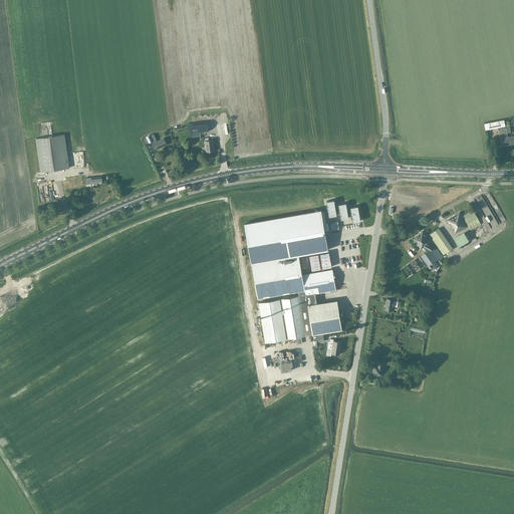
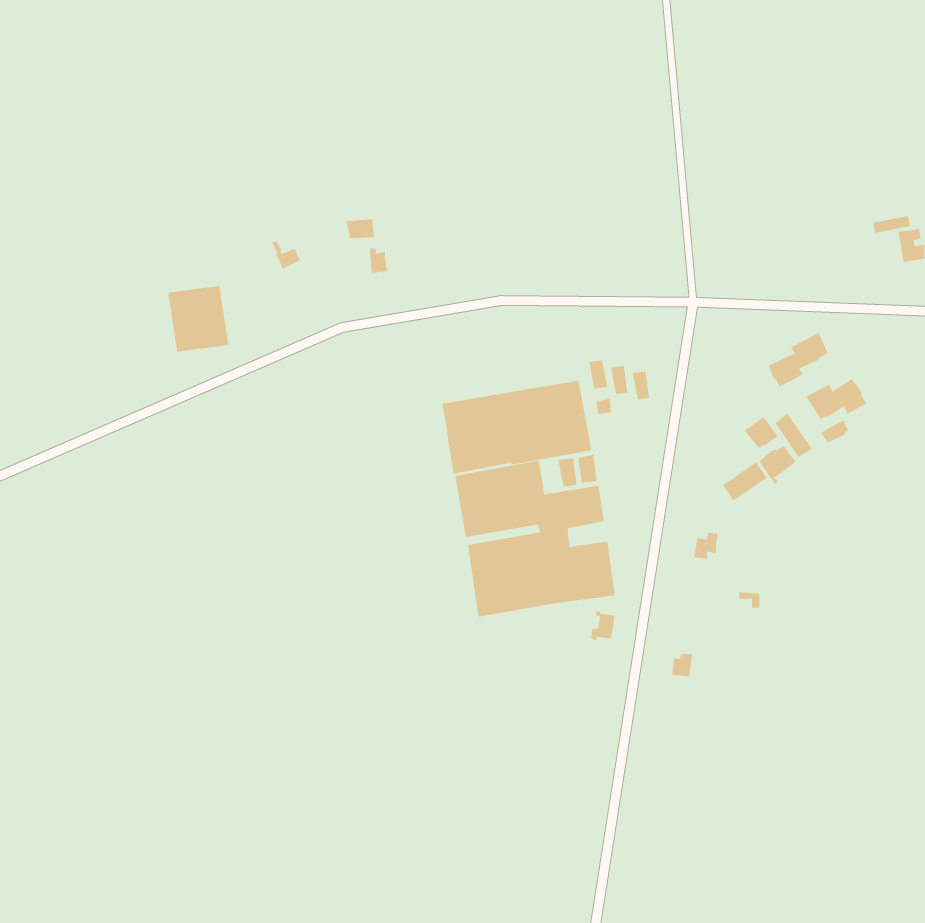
building: [35,136,69,173] -> [168,285,229,352]
building: none -> [768,332,828,388]

